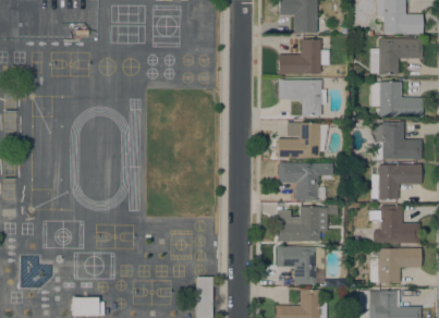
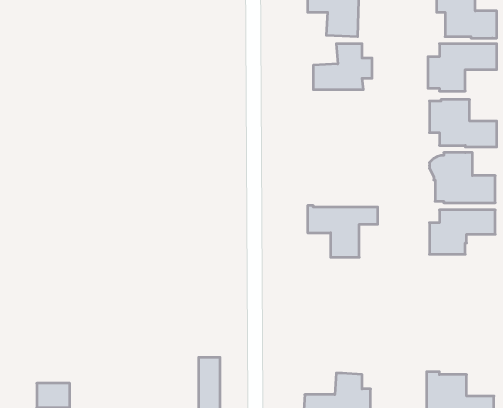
building: [278,80,321,115] -> none
building: [277,122,328,158] -> none
building: [374,205,420,243] -> none
building: [277,206,320,241] -> none
building: [277,245,325,284] -> none
building: [370,247,422,282] -> none

